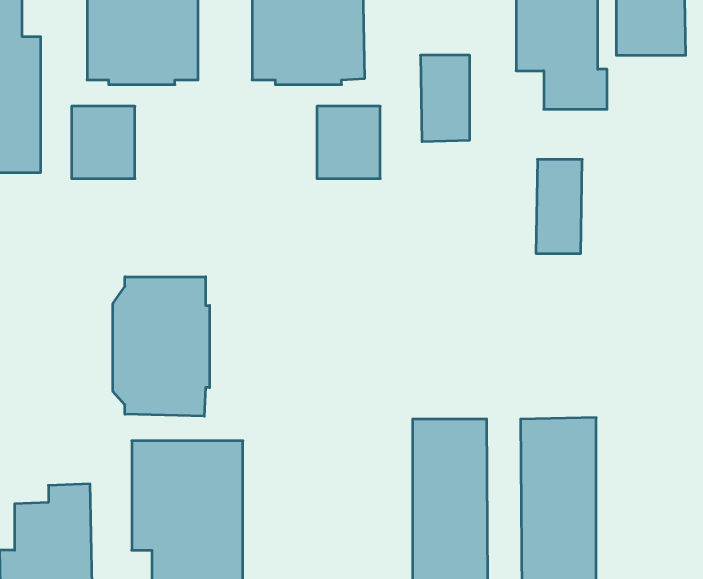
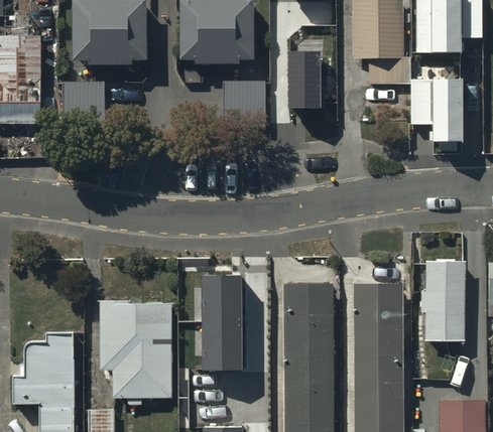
building: [536,159,582,253] -> [433,77,463,138]
building: [113,277,210,416] -> none
building: none -> [421,264,464,344]
building: none -> [201,272,242,368]

